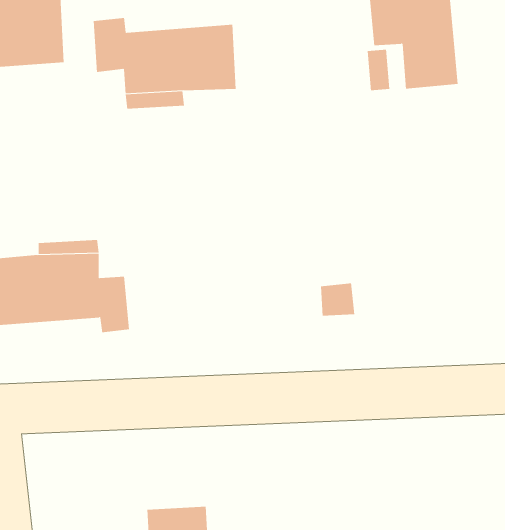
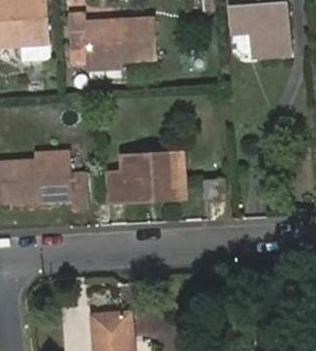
building: none -> [104,151,181,200]

